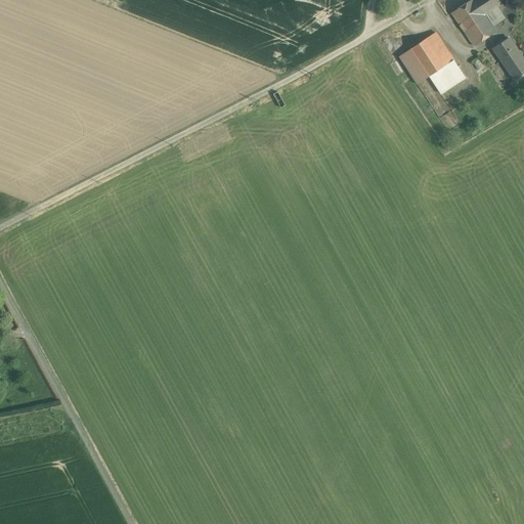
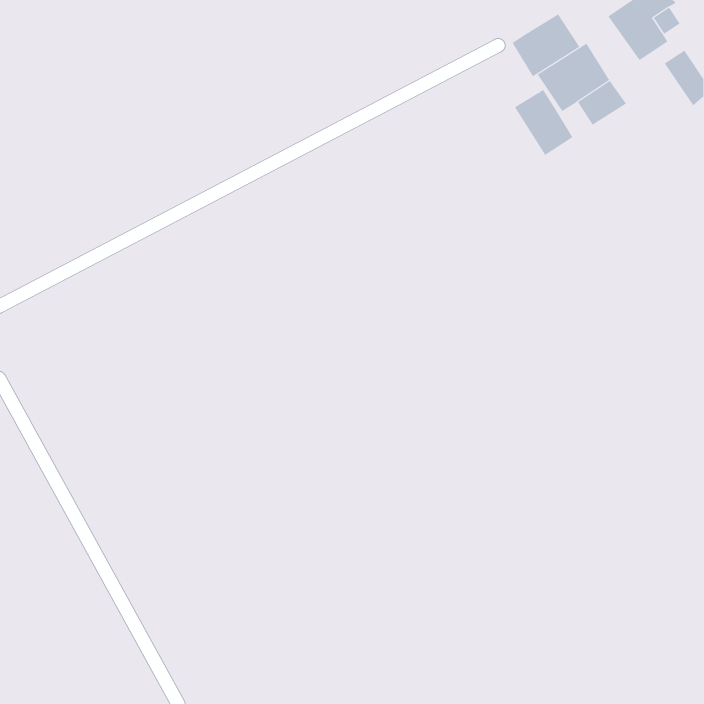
building: none -> [512,14,580,77]
building: none -> [514,89,573,156]

